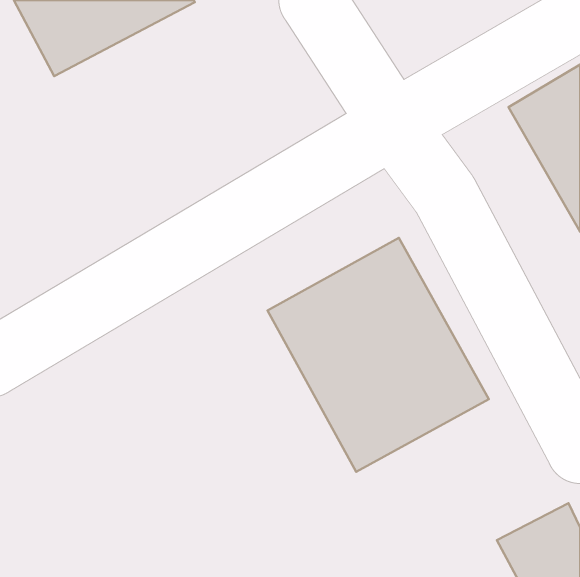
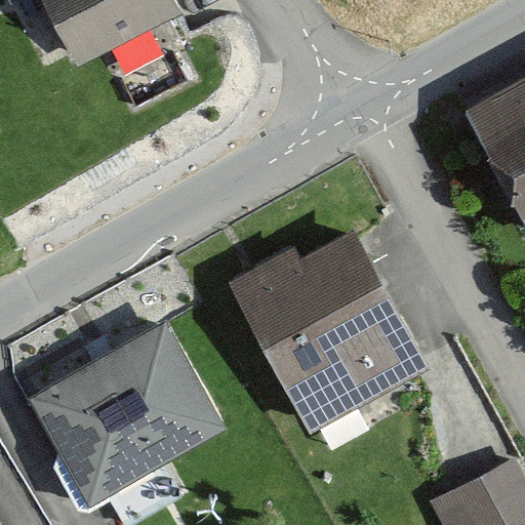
building: none -> [25,319,230,510]

